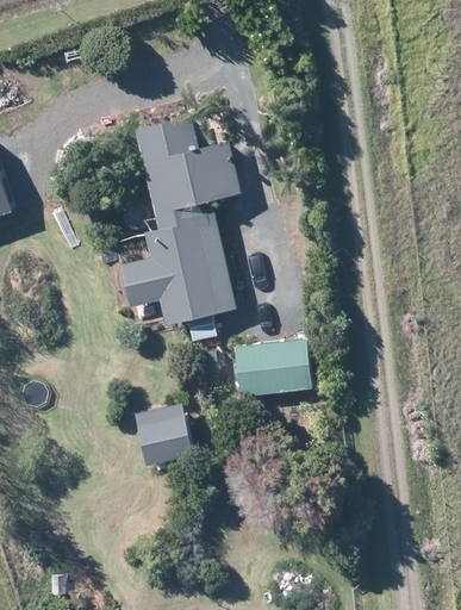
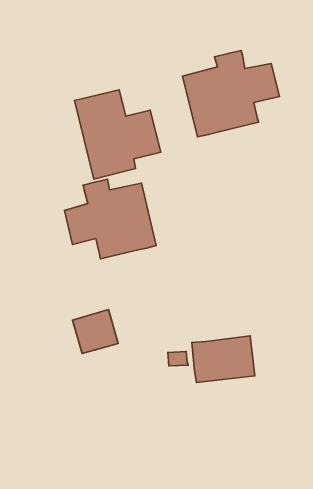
building: none -> [183,50,280,137]
building: [233,340,311,397] -> [192,336,255,383]

